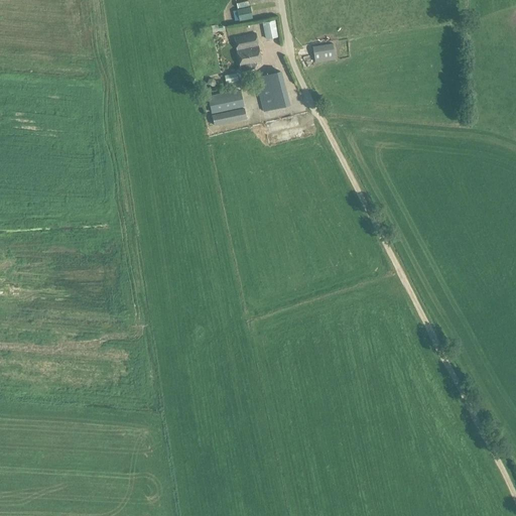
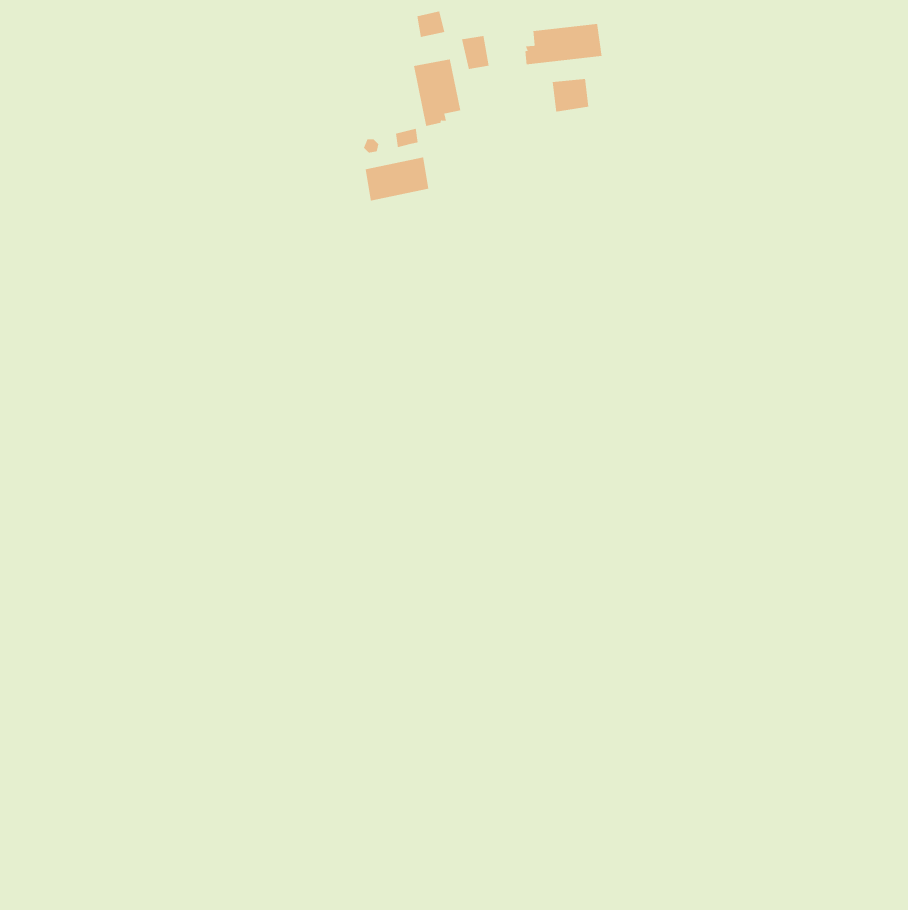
building: none -> [525,23,602,65]
building: [253,71,289,112] -> none

